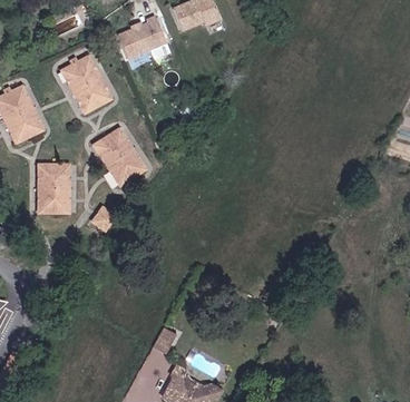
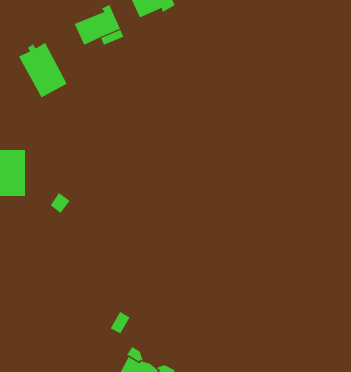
building: [94,128,145,185] -> none

